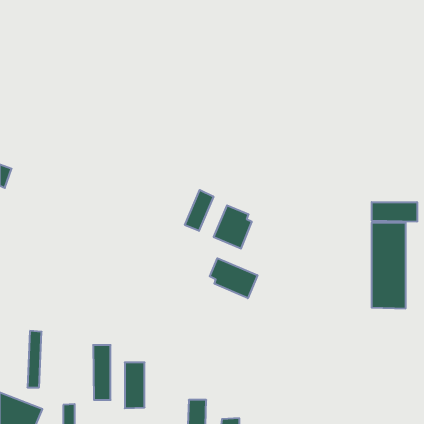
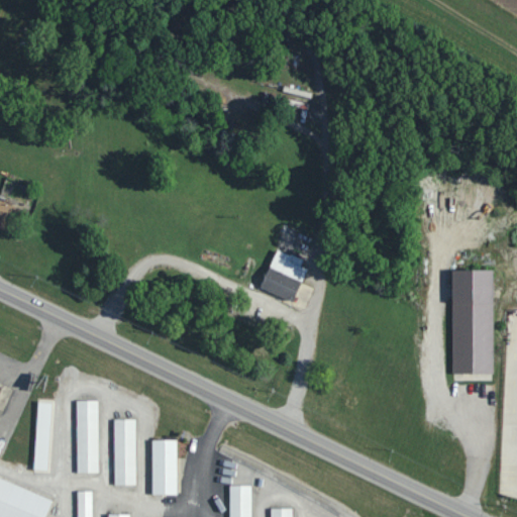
building: [185,190,213,231] -> none
building: [372,202,417,222] -> none
building: [210,258,257,298] -> none
building: none -> [76,402,98,475]

